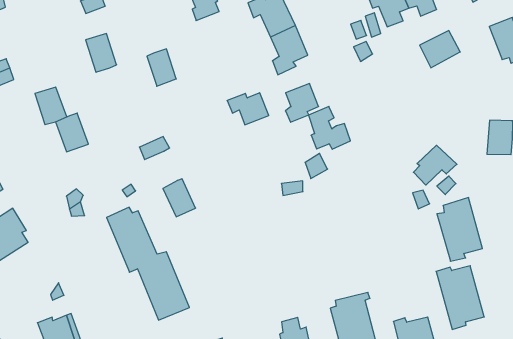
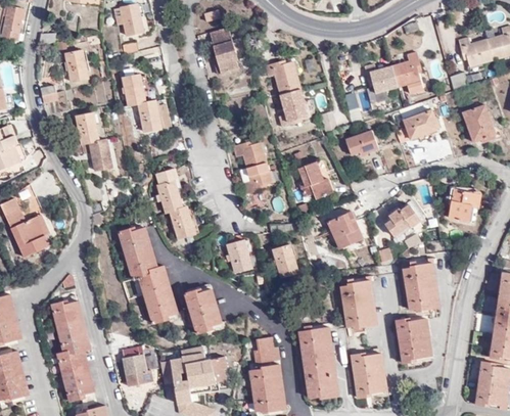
building: none -> [63,50,88,82]
building: [147,49,176,86] -> [139,100,161,131]
building: none -> [345,130,380,154]
building: [285,84,319,122] -> [245,163,274,193]
building: none -> [158,181,184,214]
building: none -> [330,207,364,247]
building: none -> [274,243,299,275]
building: none -> [227,240,251,270]
building: none -> [339,276,374,330]
building: none -> [186,283,223,334]

